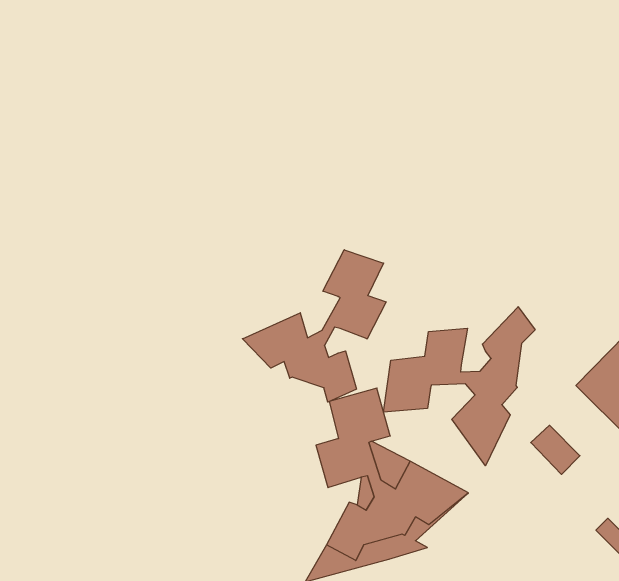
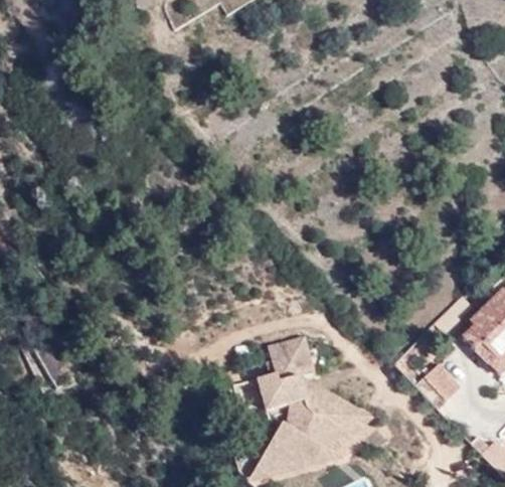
building: [242,250,386,402] -> none
building: [384,307,535,466] -> none

